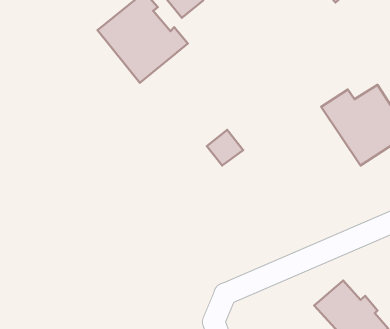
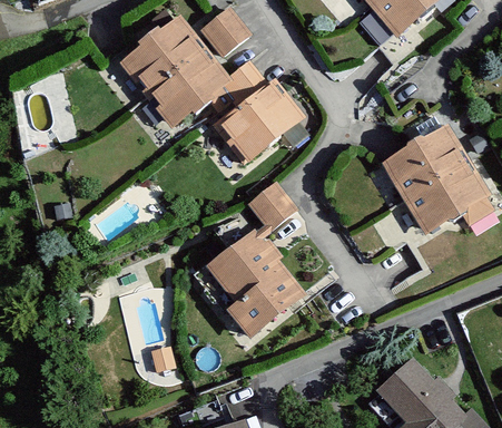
building: none -> [220,67,302,156]
building: none -> [207,230,299,334]

